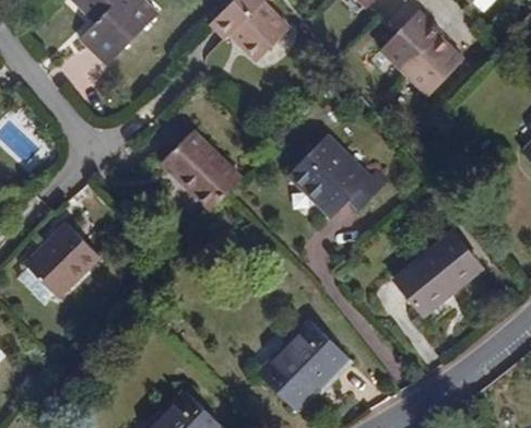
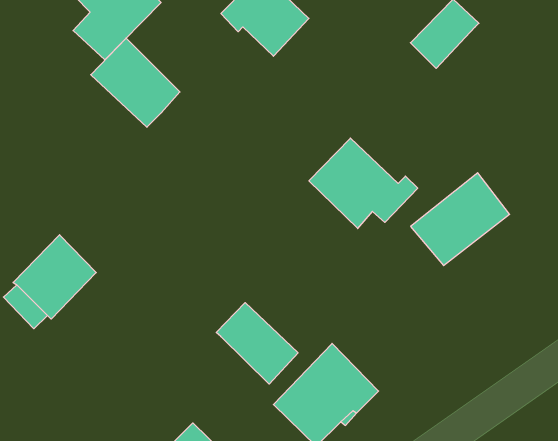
building: [403,35,464,96] -> none
building: [161,129,240,209] -> [91,38,180,127]
building: [394,230,483,313] -> [411,173,510,266]
building: none -> [216,303,298,384]

